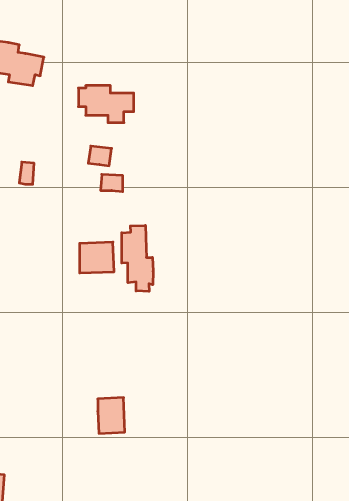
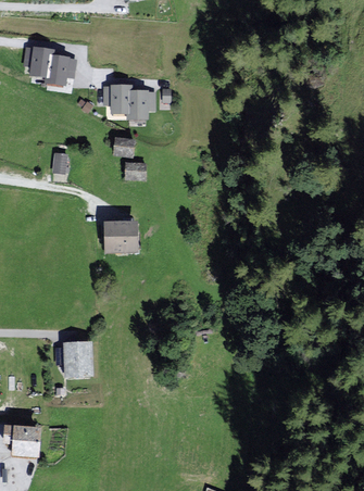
building: [122,225,153,291] -> none
building: [98,398,125,433] -> [66,343,90,375]

